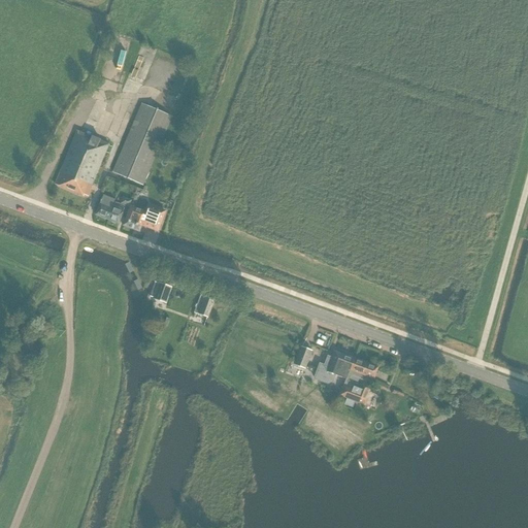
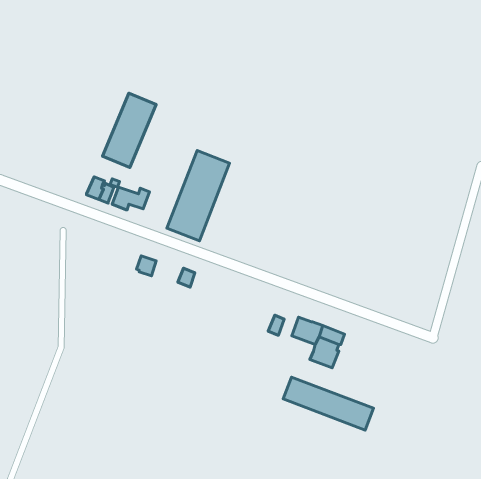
building: [55,129,108,195] -> none
building: none -> [167,151,230,241]
building: none -> [283,377,374,430]

